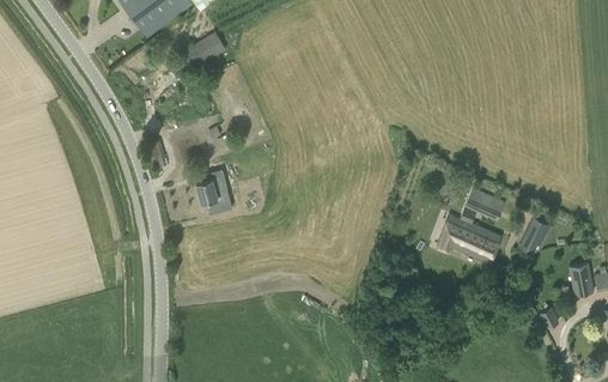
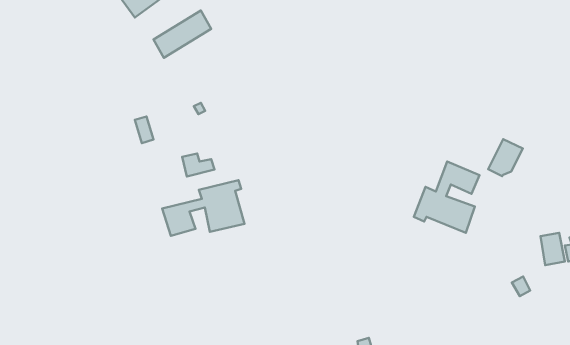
building: none -> [162,180,245,236]
building: [517,217,553,255] -> [488,139,523,176]

